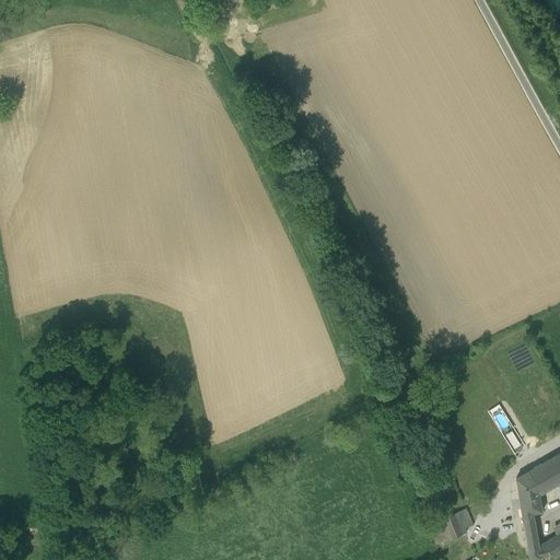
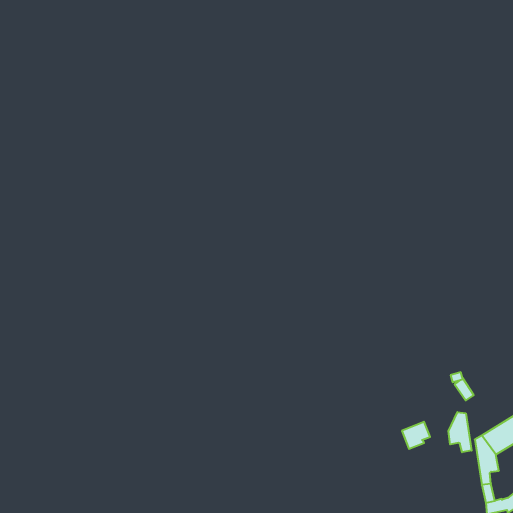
building: none -> [449,412,472,452]
building: [443,510,474,539] -> [402,422,430,449]

